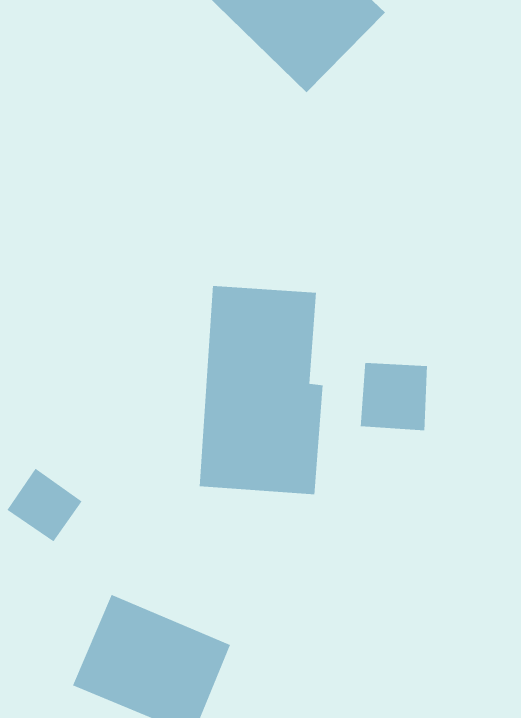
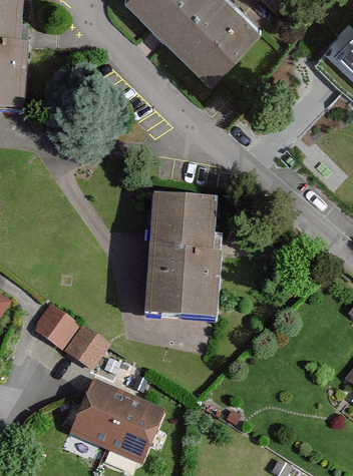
building: [360,362,427,431] -> none
building: none -> [62,326,108,370]

